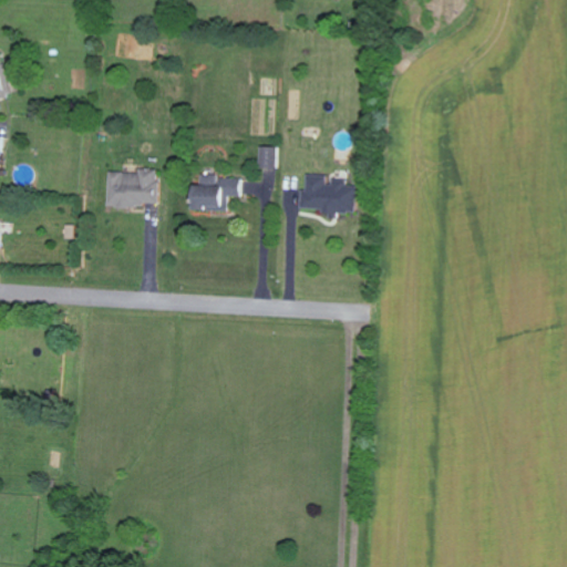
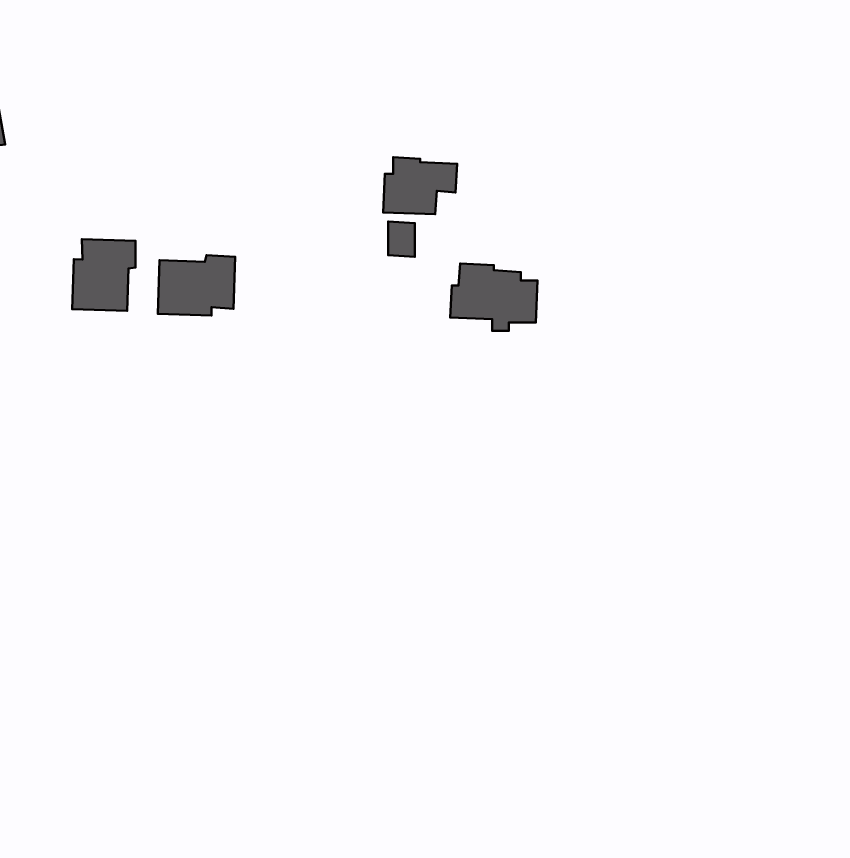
building: none -> [72,239,135,311]
building: [190,174,239,212] -> [383,157,457,214]

